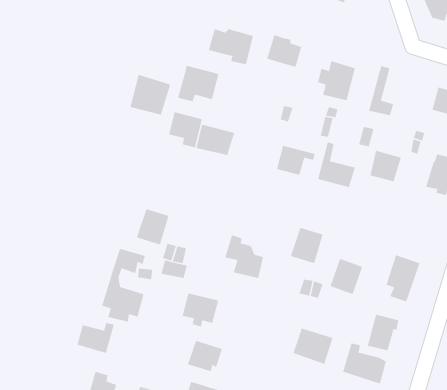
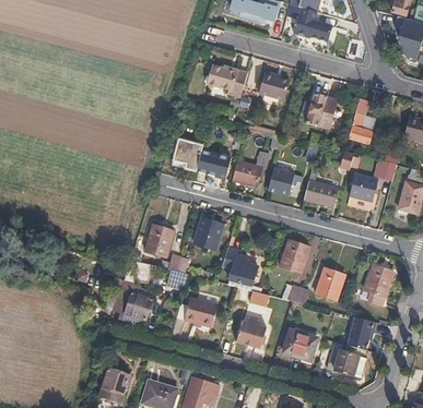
building: [177,65,219,102] -> none
building: [129,74,171,116] -> none
building: none -> [232,152,269,187]
building: none -> [195,217,223,250]
building: [76,322,115,354] -> none
building: [187,340,223,372] -> [236,320,268,348]

